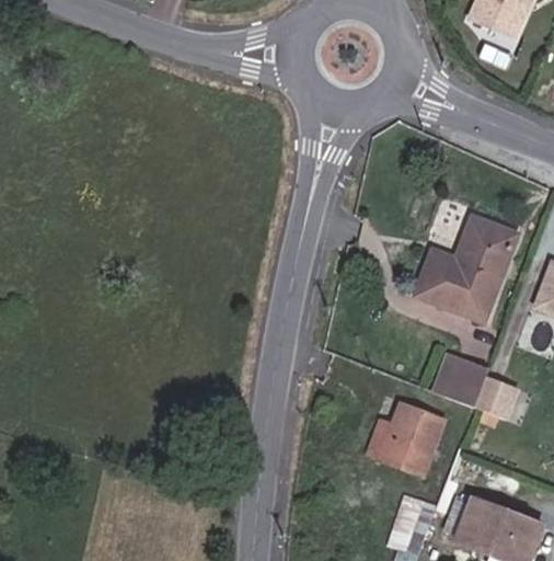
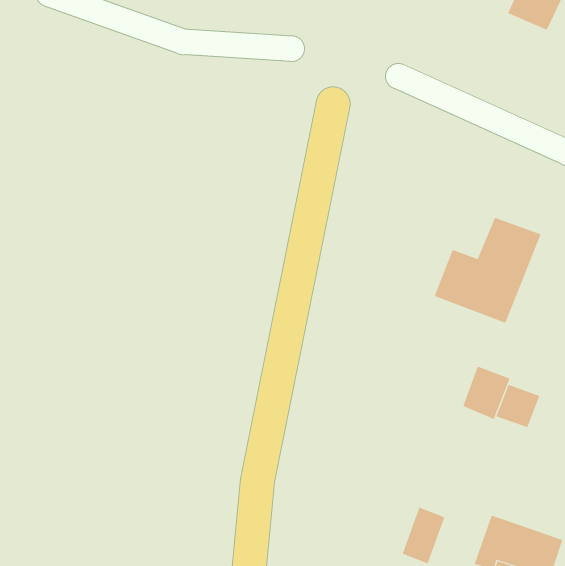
building: [365,400,440,472] -> none

